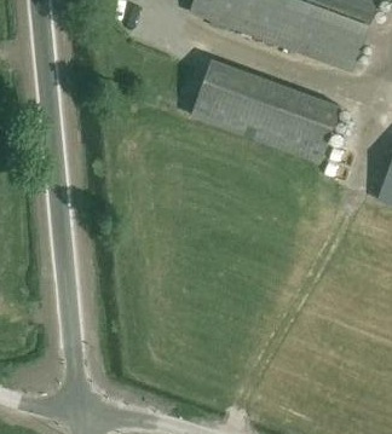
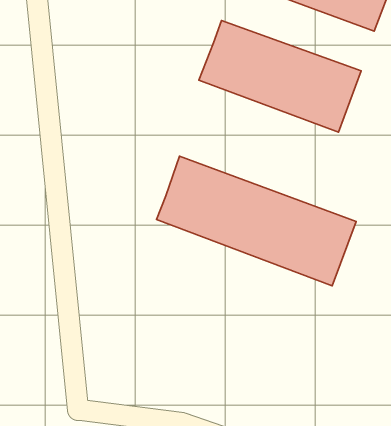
building: none -> [157,156,356,286]

